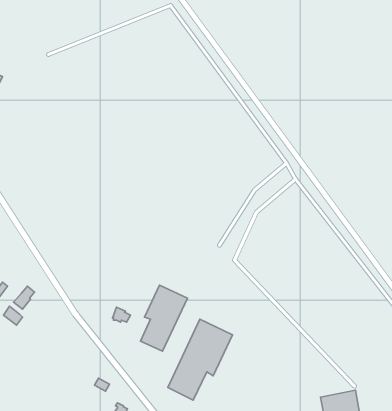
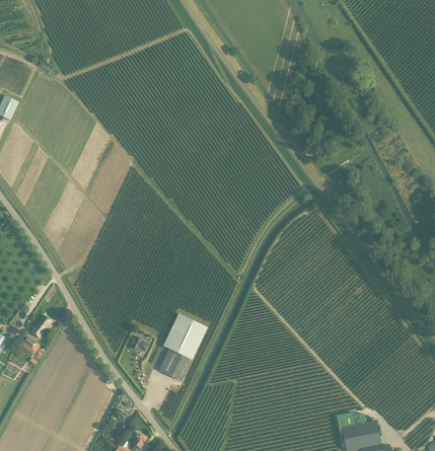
building: [168,319,232,400] -> none

